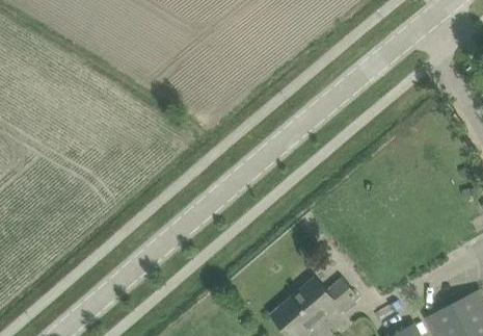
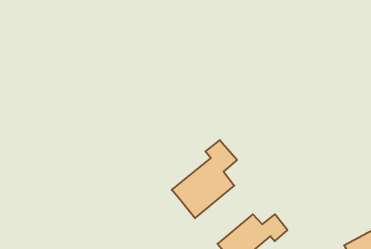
building: none -> [172,140,237,218]

